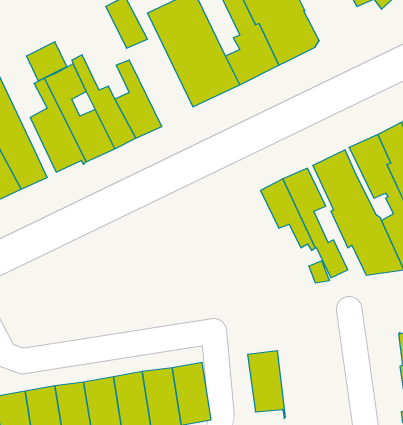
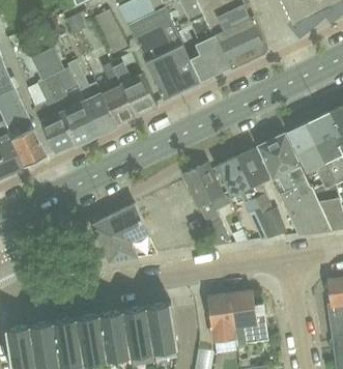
building: none -> [115,62,158,115]
building: none -> [183,163,232,246]
building: none -> [92,204,159,262]
building: none -> [231,291,267,346]

